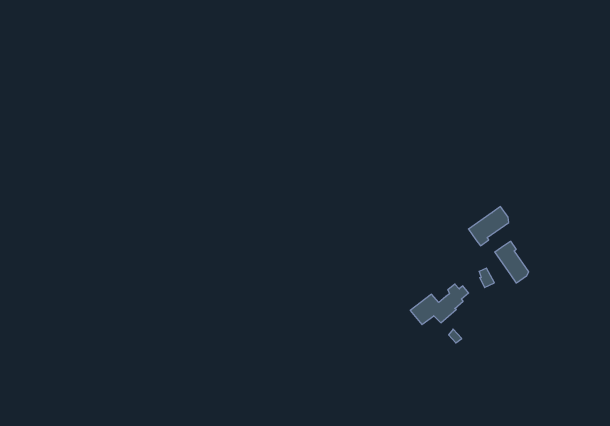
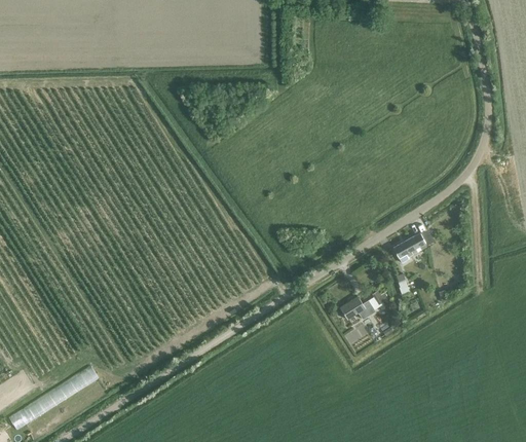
building: [495,241,529,283] -> none

